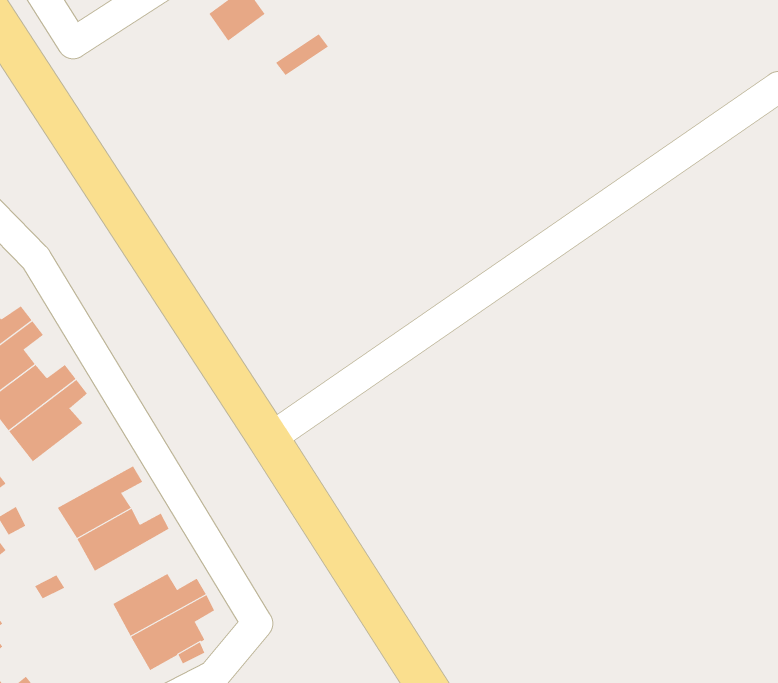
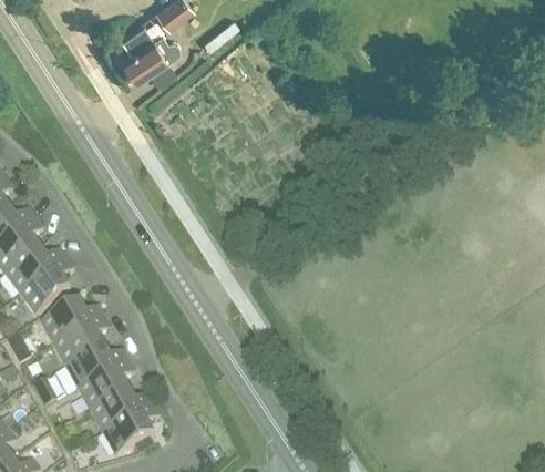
building: none -> [122,21,181,78]
building: none -> [41,302,105,347]
building: none -> [79,361,136,412]

